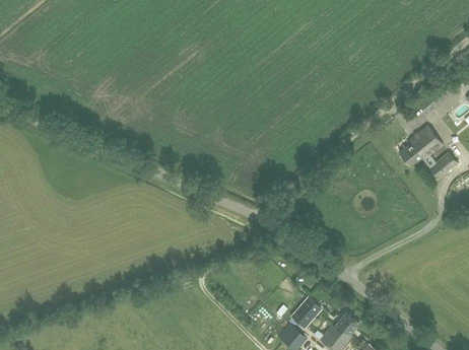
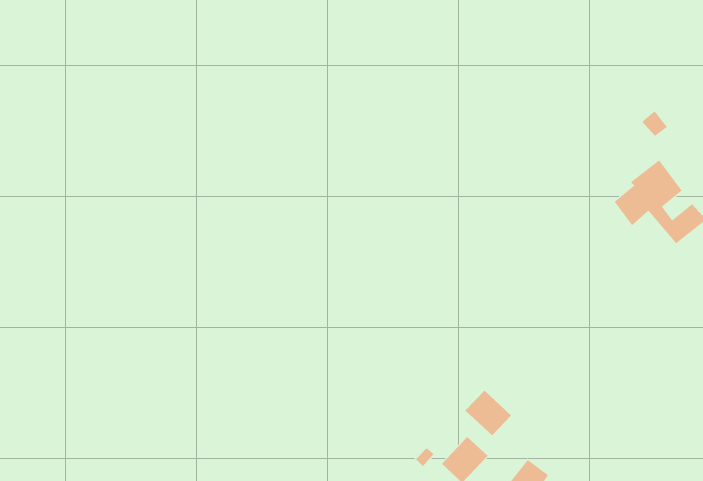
building: none -> [465,390,512,436]

